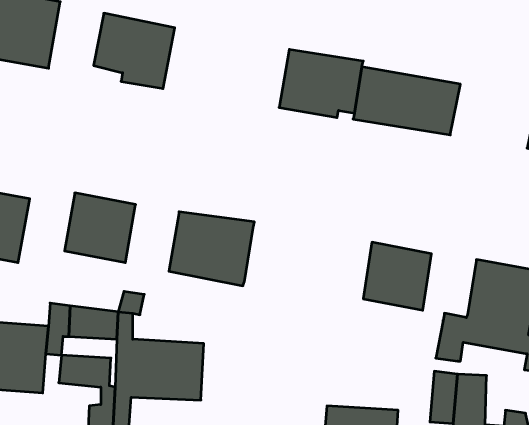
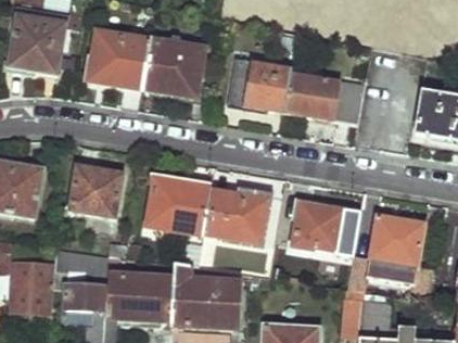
building: none -> [143,38,205,97]
building: none -> [204,191,267,241]
building: none -> [171,264,236,326]

